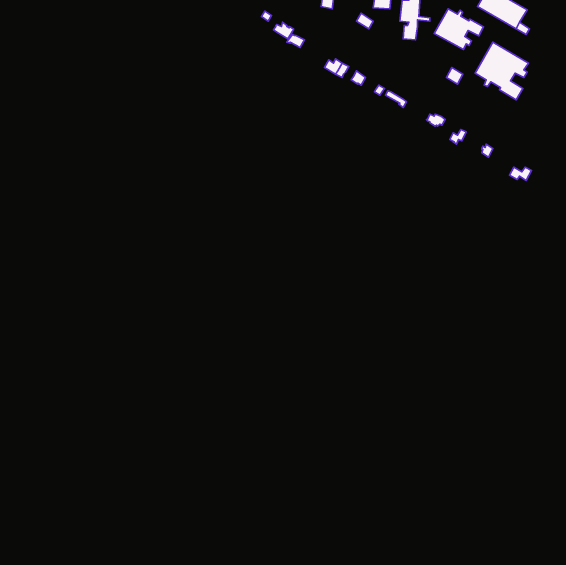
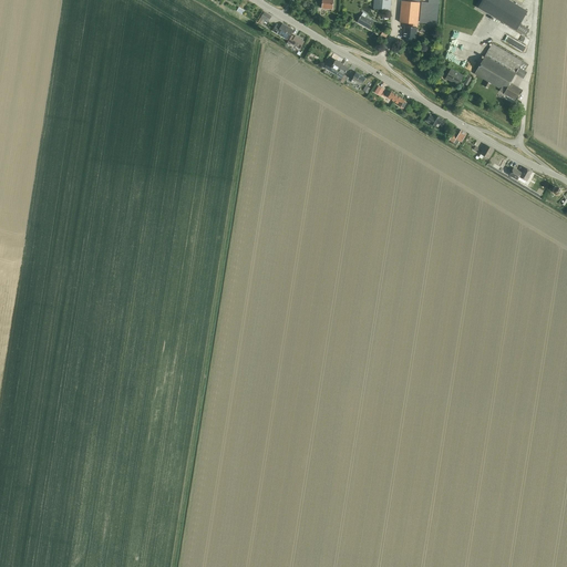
building: [434,9,484,50] -> none

